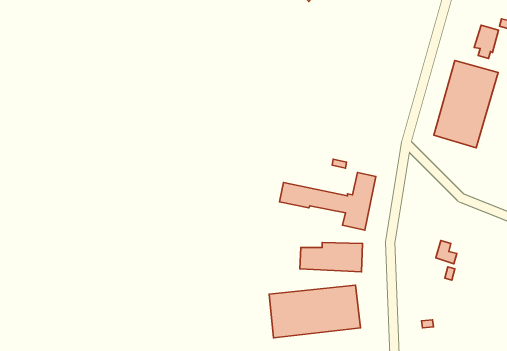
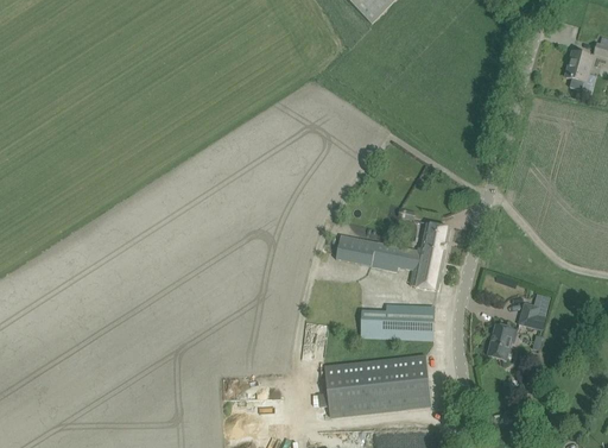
building: [434,61,498,148] -> none
building: none -> [487,324,513,360]

